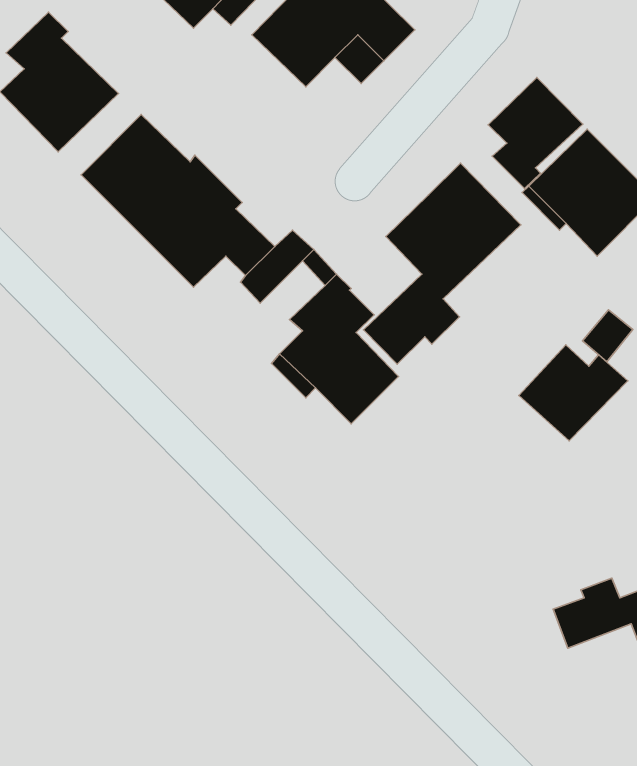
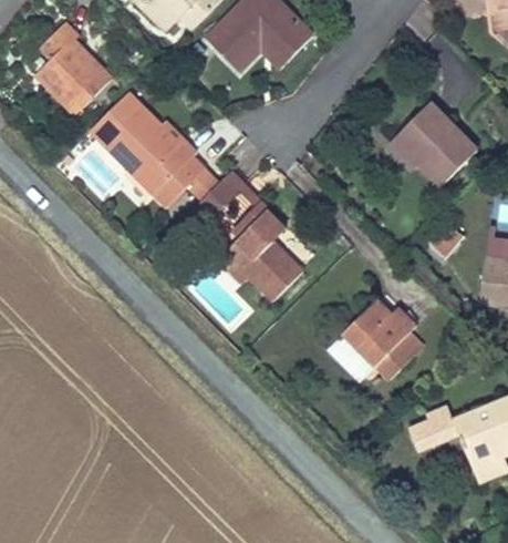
building: [488,77,583,189] -> none
building: [364,163,521,364] -> none
building: [519,345,628,441] -> [344,303,418,368]

